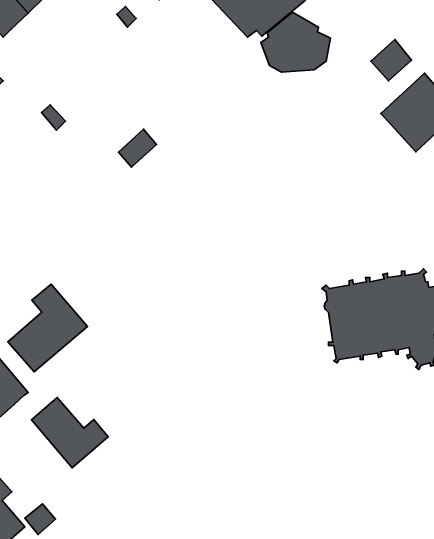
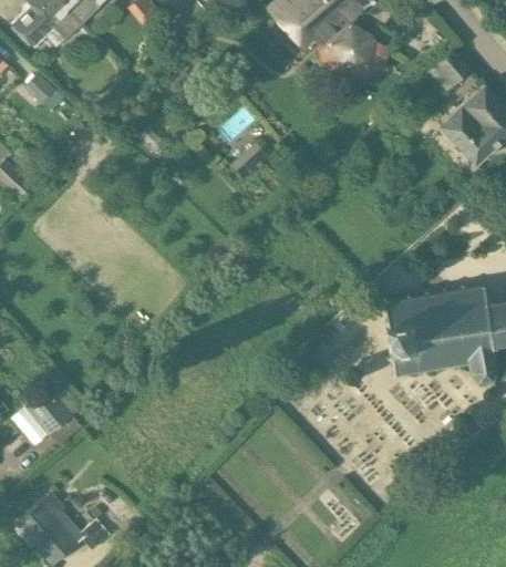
building: [118,129,157,167] -> [229,142,268,181]
building: [8,284,88,372] -> none
building: [32,398,108,468] -> none

